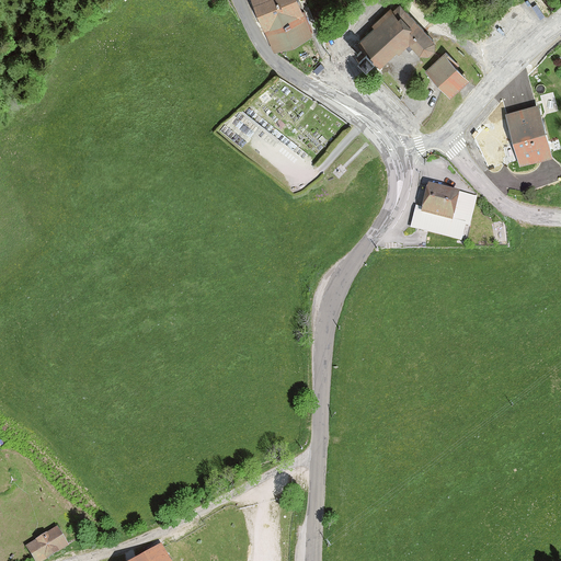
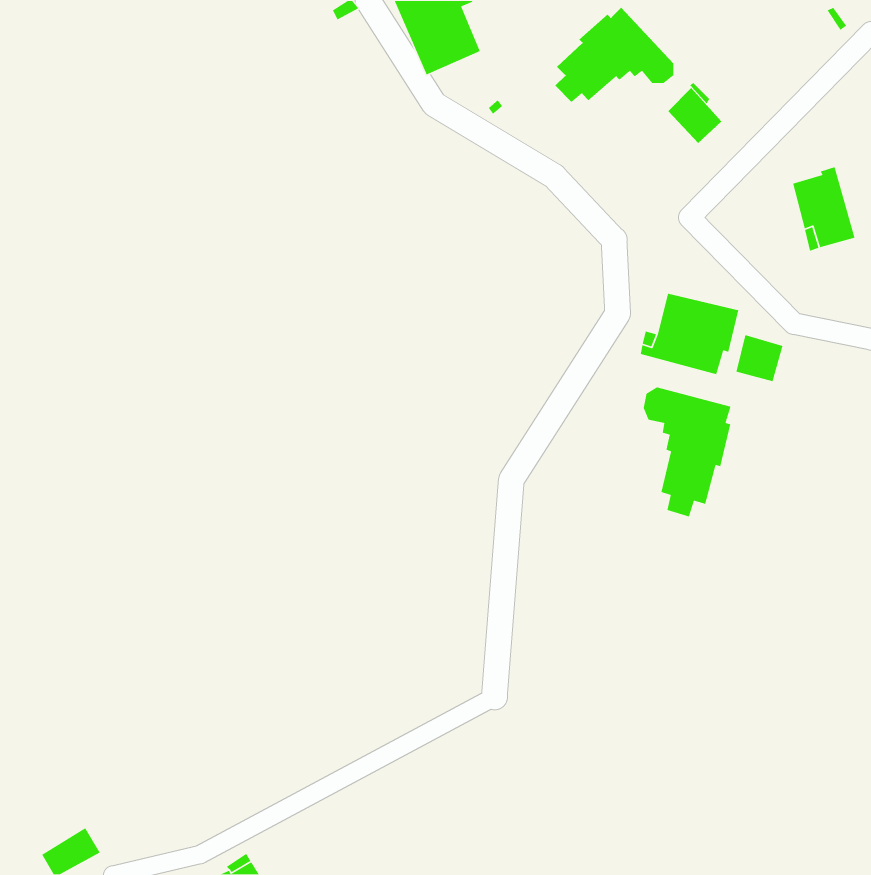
building: none -> [736,334,784,382]
building: none -> [643,386,731,518]

